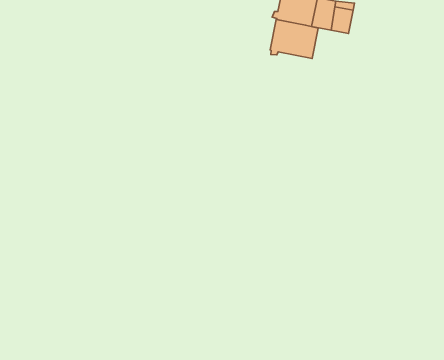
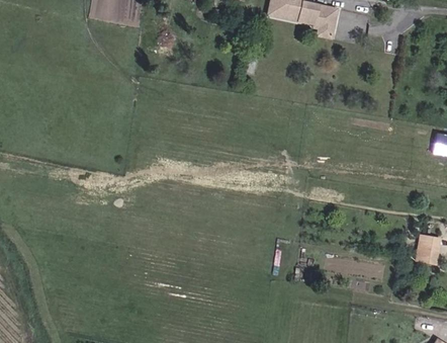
building: [270,19,318,59] -> none

